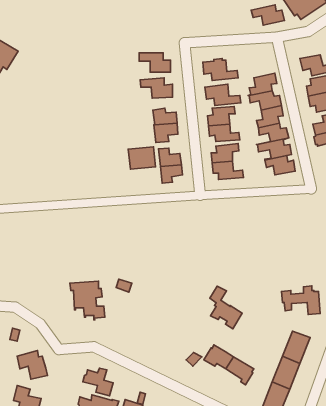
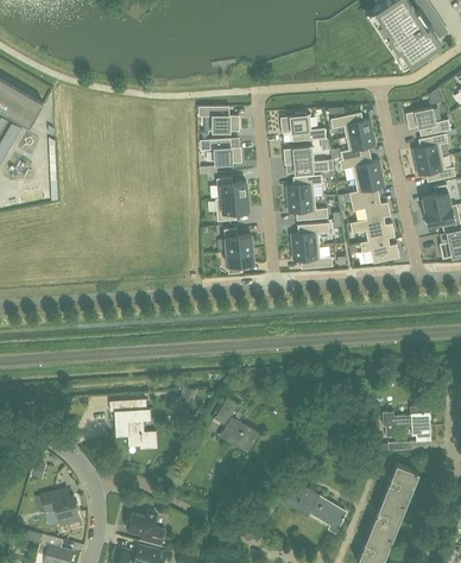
building: [251,5,284,25] -> [330,112,373,138]
building: [128,147,156,169] -> none
building: [210,286,242,329] -> [219,398,260,453]

